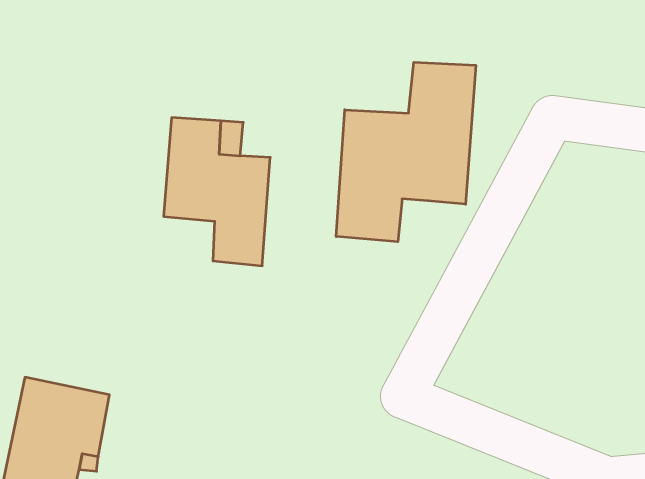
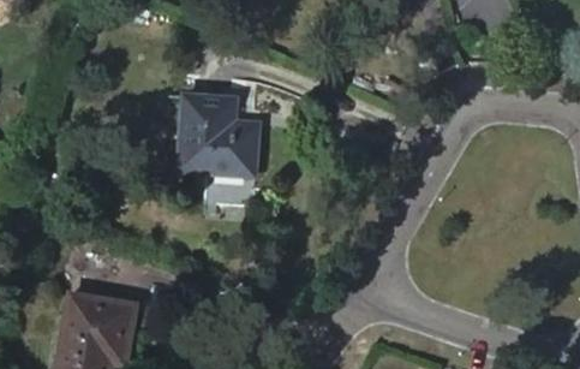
building: [336,62,476,242] -> none

